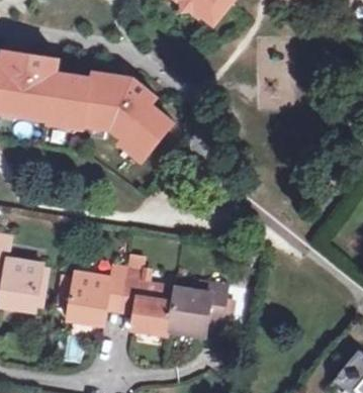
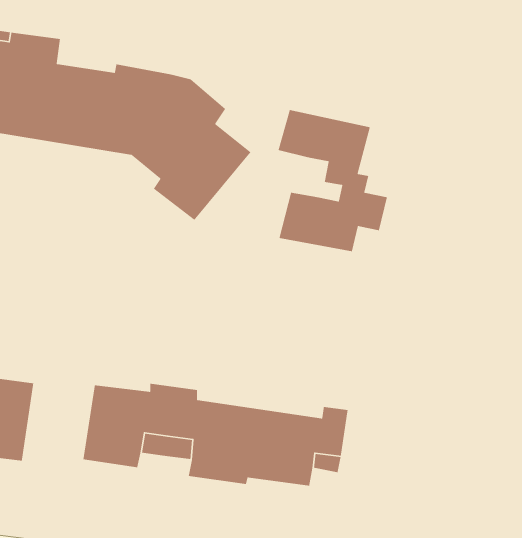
building: none -> [277,109,388,252]

